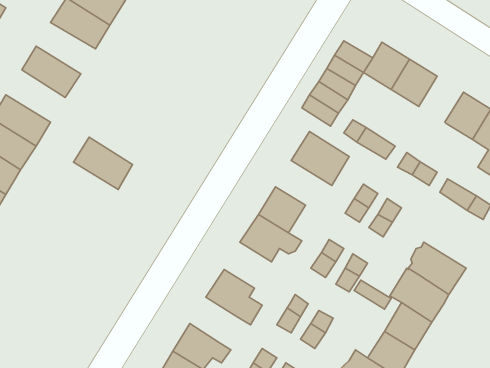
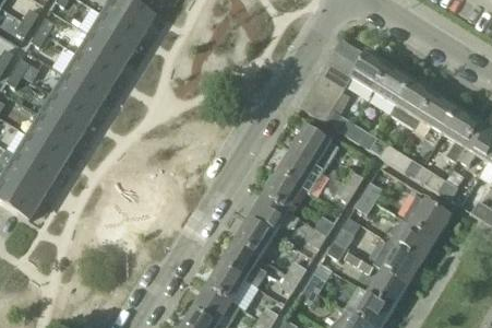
building: none -> [80,33,129,75]
building: none -> [392,78,434,126]
building: [73,137,133,190] -> [55,72,104,116]
building: none -> [278,148,325,190]
building: none -> [401,192,451,237]
building: none -> [236,215,275,254]
building: none -> [207,261,247,300]

